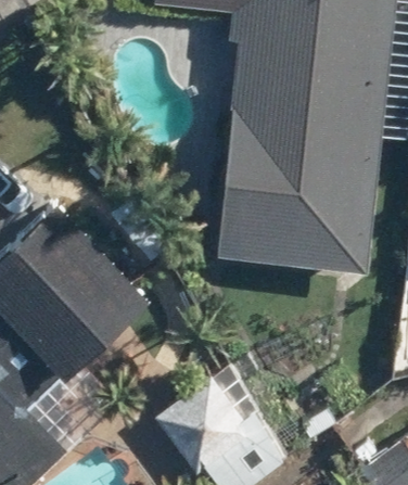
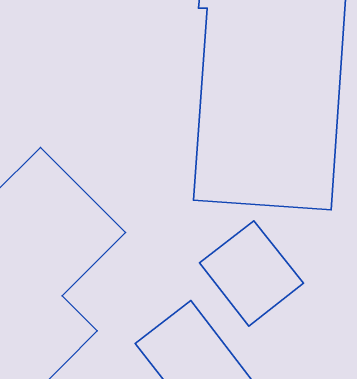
building: none -> [200,221,303,326]

